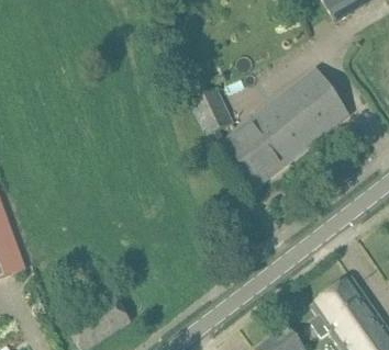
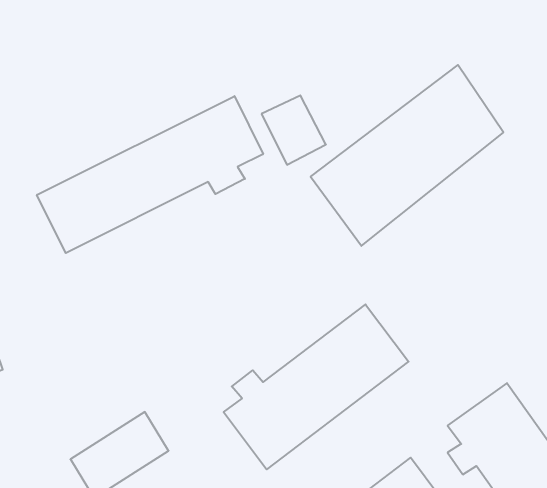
building: none -> [37,96,263,253]
building: none -> [224,304,409,469]

